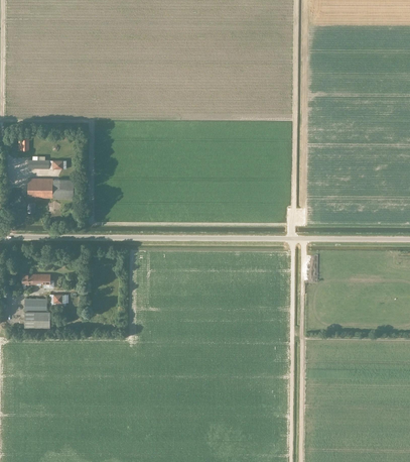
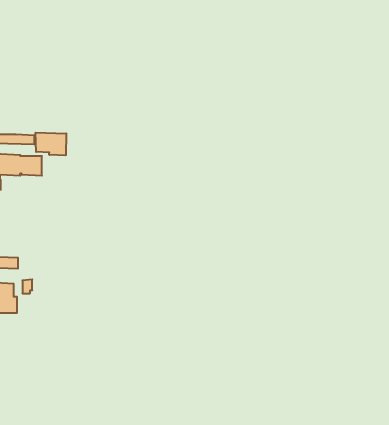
building: none -> [36,133,66,155]

